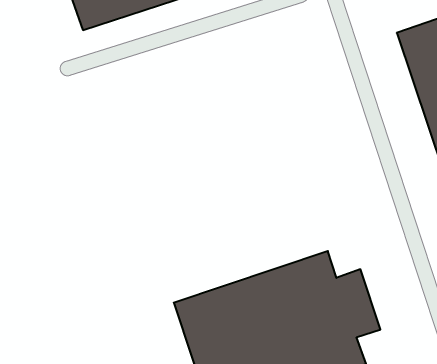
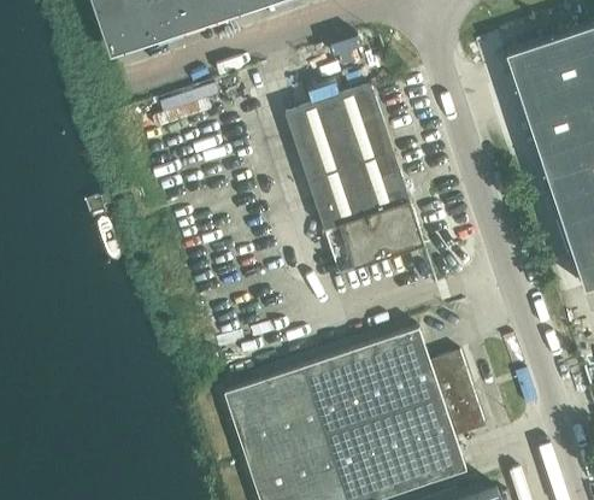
building: none -> [286,86,425,275]

